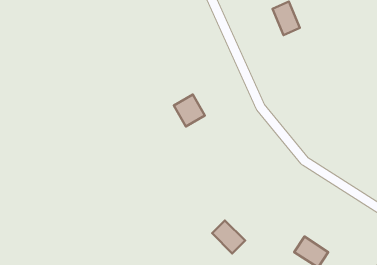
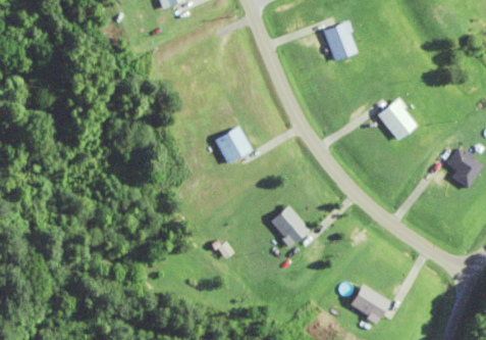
building: none -> [381,100,415,138]
building: [212,221,245,253] -> [272,207,309,244]

